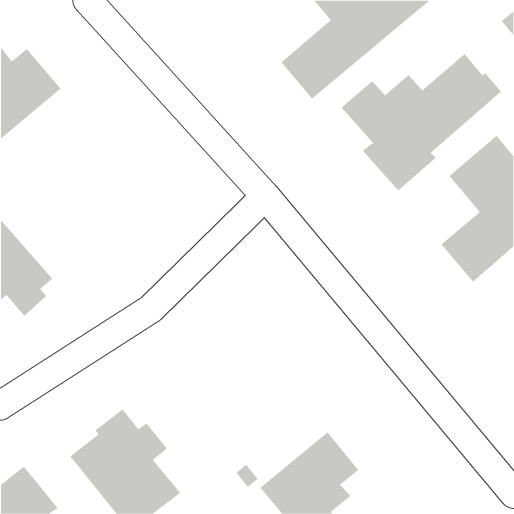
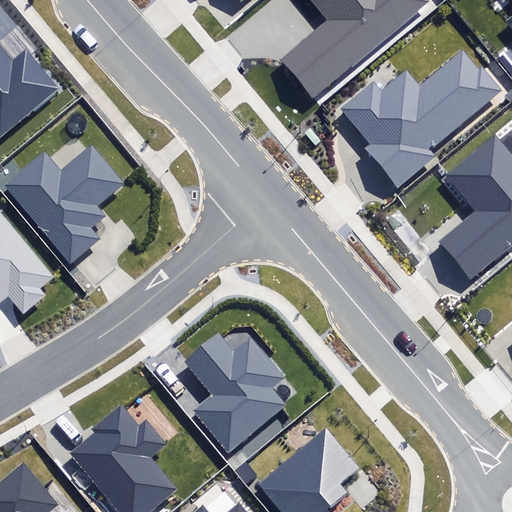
building: none -> [4,146,122,265]
building: none -> [185,333,287,454]

